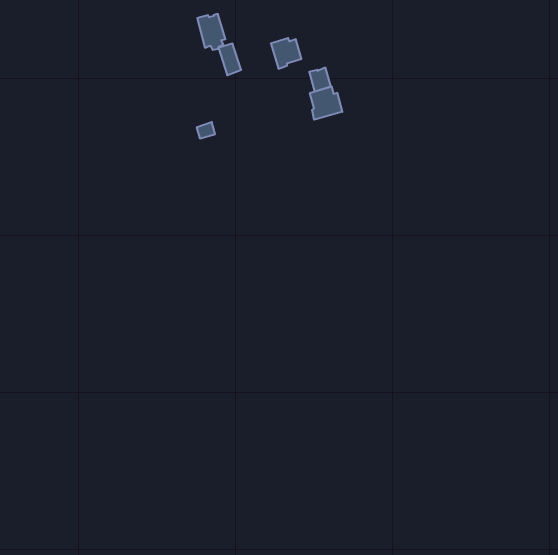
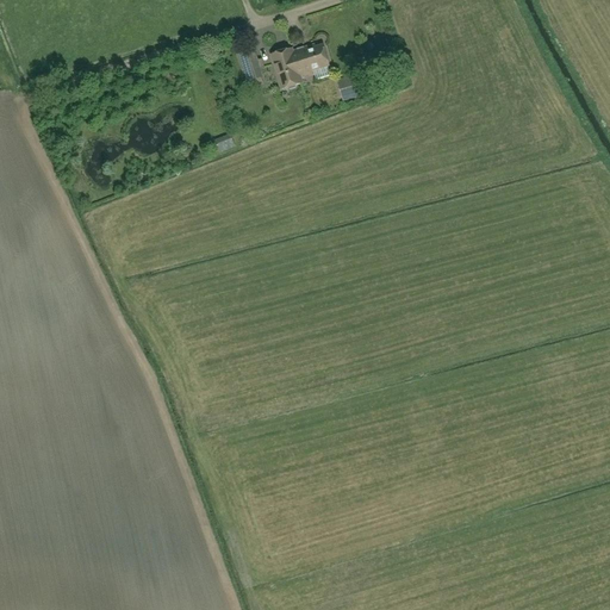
building: [197,14,226,50] -> [273,48,304,87]
building: [310,86,342,120] -> none

